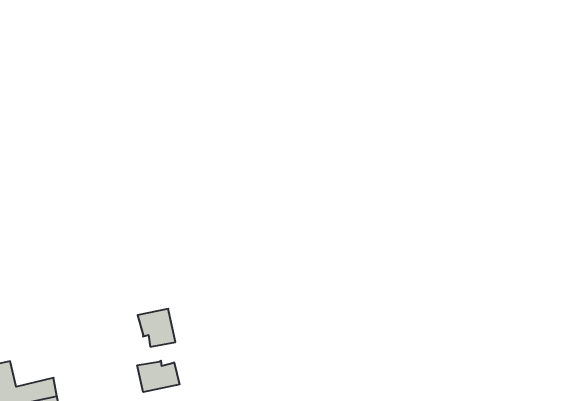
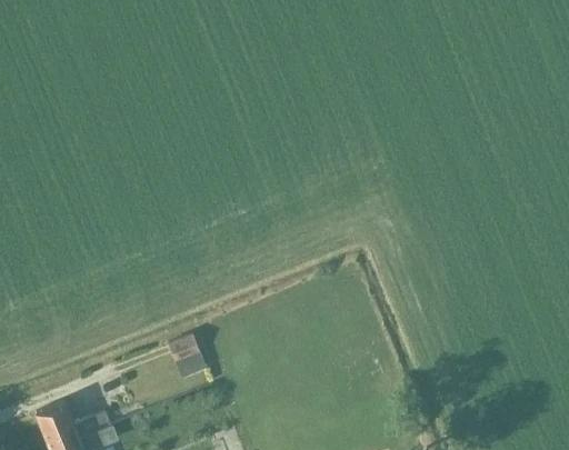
building: [137,361,180,392] -> none

